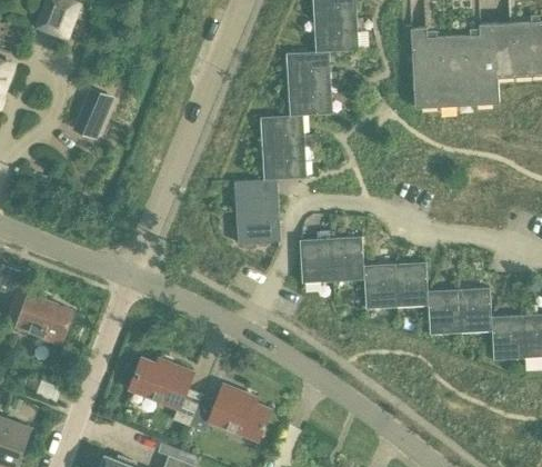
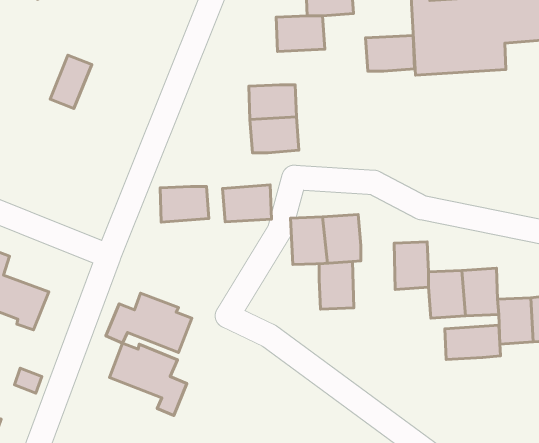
building: [287,82,332,116] -> [366,36,414,71]
building: [234,179,280,212] -> [160,186,209,222]
building: [364,264,397,308] -> [319,262,354,309]
building: none -> [445,325,501,359]
building: [190,385,270,440] -> [106,293,192,353]

